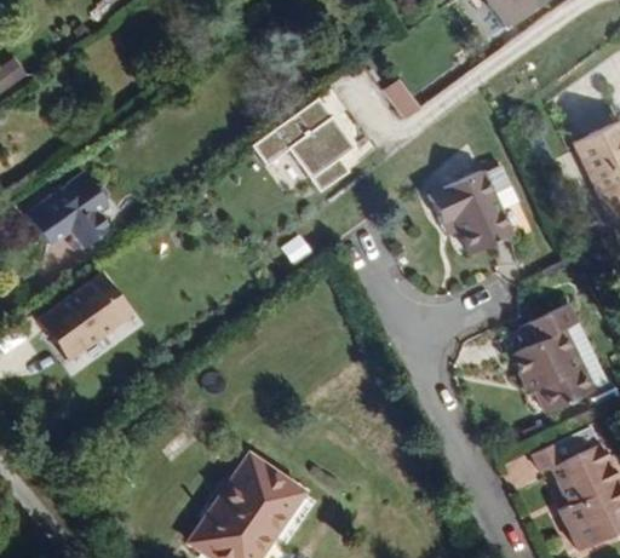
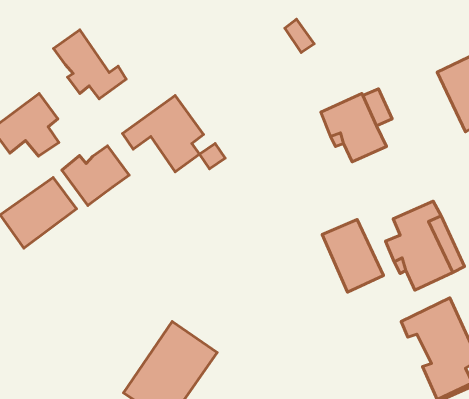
building: none -> [54,30,126,99]
building: [249,94,350,189] -> [122,96,204,172]
building: none -> [62,146,129,205]
building: none -> [322,220,383,292]

